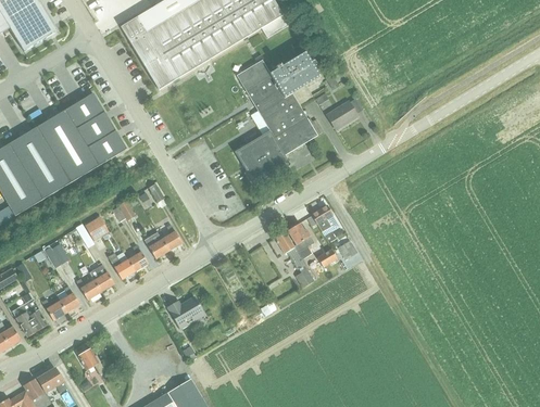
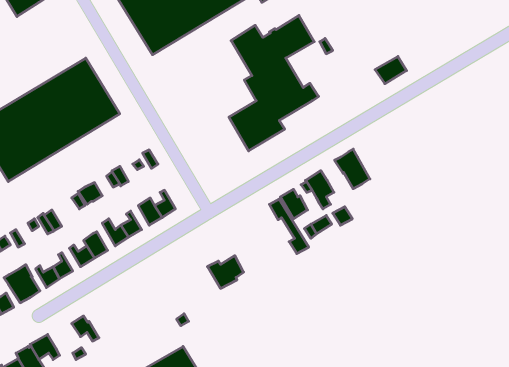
building: [326,102,357,129] -> [375,56,407,84]
building: none -> [335,149,370,189]
building: [167,295,203,328] -> [207,256,244,288]

